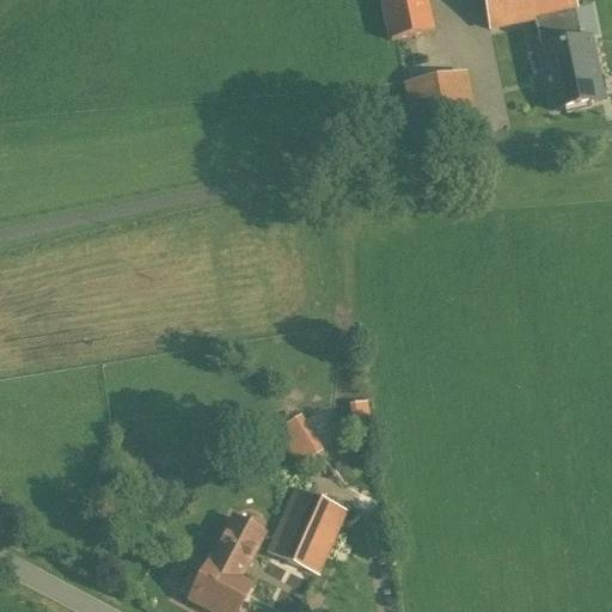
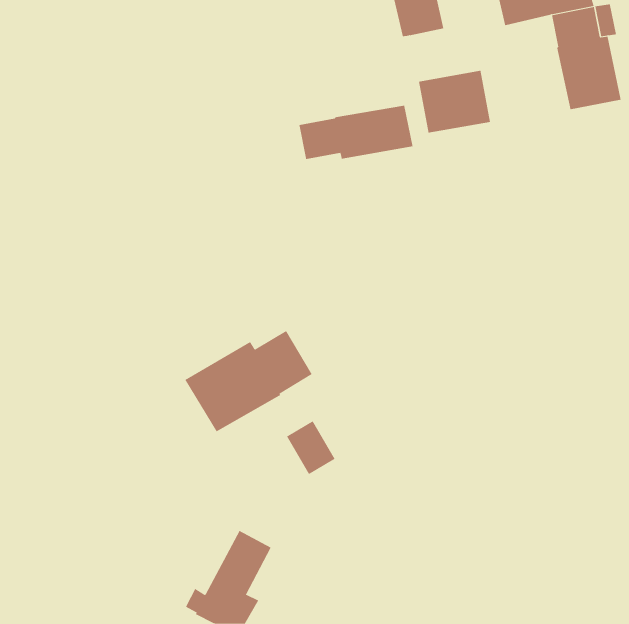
building: none -> [299,105,413,160]
building: none -> [184,330,313,432]
building: [269,485,347,571] -> none

